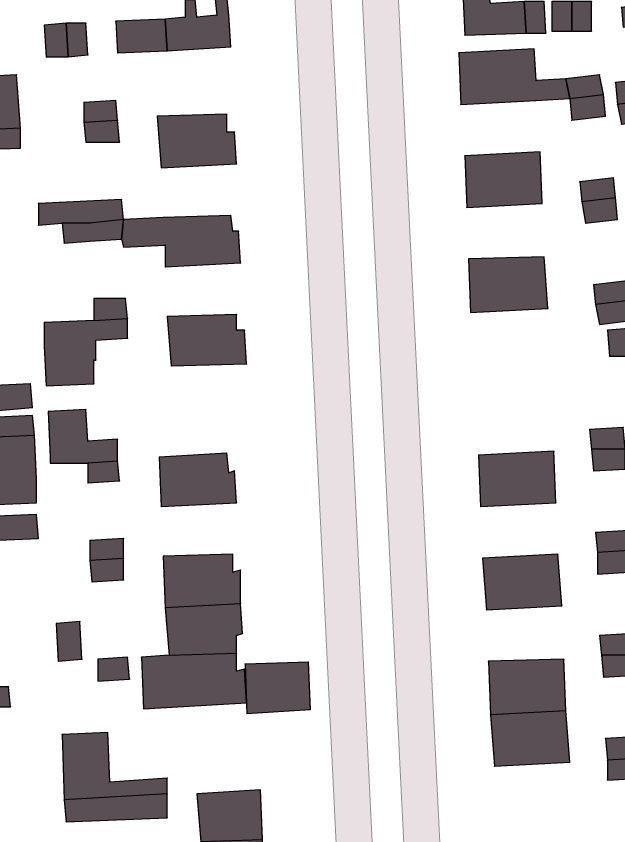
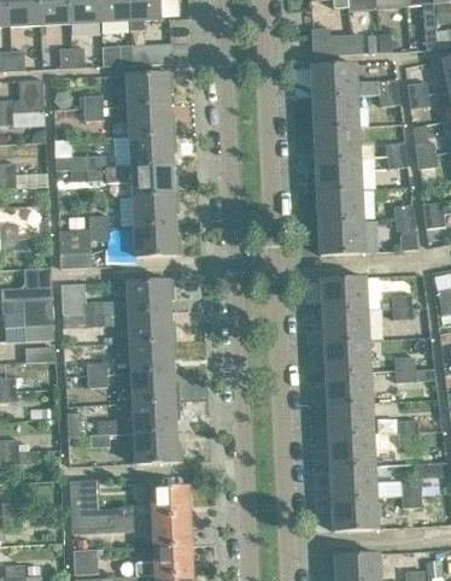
building: none -> [125,71,172,104]
building: none -> [311,94,359,128]
building: none -> [129,133,175,165]
building: none -> [315,157,362,190]
building: none -> [131,193,178,225]
building: none -> [317,221,365,254]
building: none -> [321,276,368,310]
building: none -> [125,278,172,311]
building: none -> [129,339,176,371]
building: none -> [323,339,370,372]
building: none -> [327,401,374,435]
building: [245,662,310,714] -> [150,485,189,516]
building: none -> [332,497,379,530]

